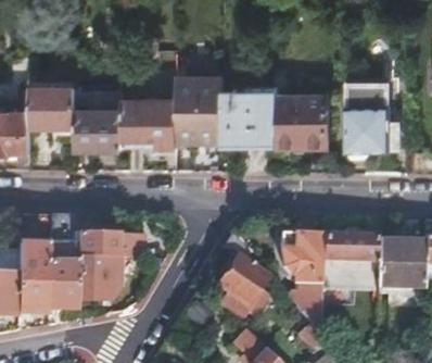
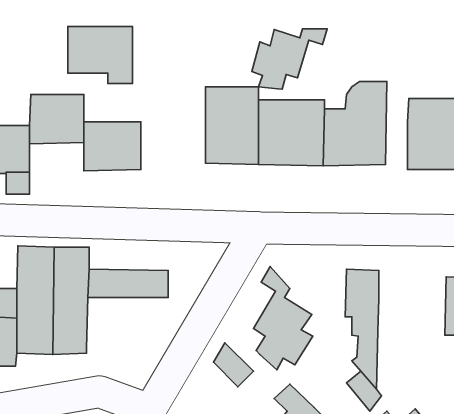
building: none -> [252,29,327,89]
building: [124,99,178,147] -> [68,27,133,83]
building: [323,234,380,304] -> none
building: [78,256,120,299] -> none

